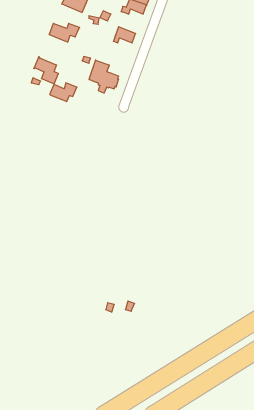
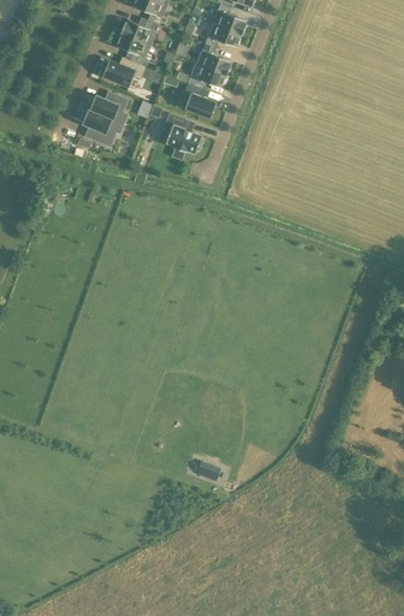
building: none -> [117,32,150,64]
building: none -> [197,45,231,75]
building: none -> [184,84,218,120]
building: [50,83,77,102] -> [90,93,129,119]

